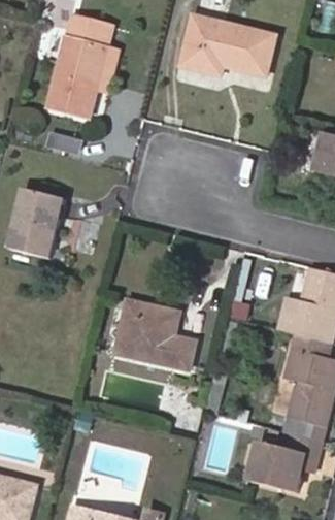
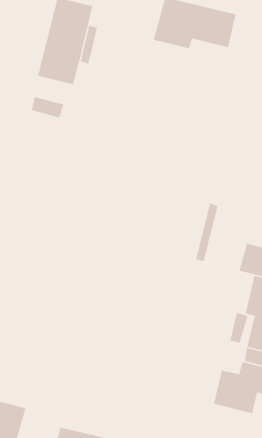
building: [12,190,62,257] -> none
building: [116,300,197,369] -> none

